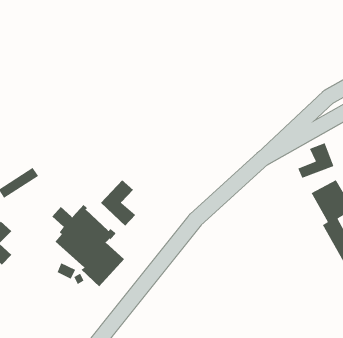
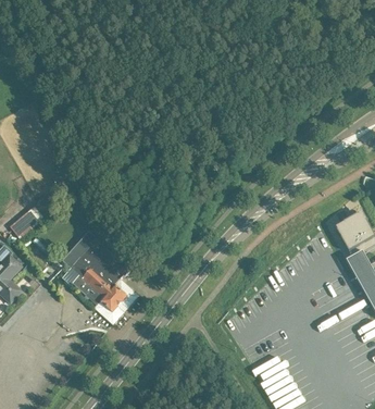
building: [297,142,334,179] -> none
building: [100,179,136,227] -> none

